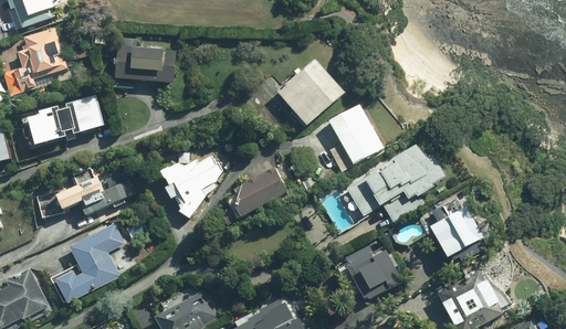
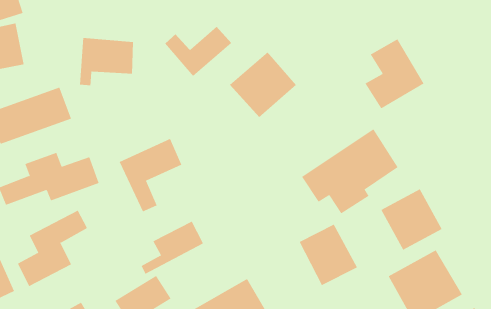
building: none -> [165,26,232,77]
building: [322,104,384,177] -> [365,38,425,109]
building: [219,169,284,224] -> [141,221,204,274]

